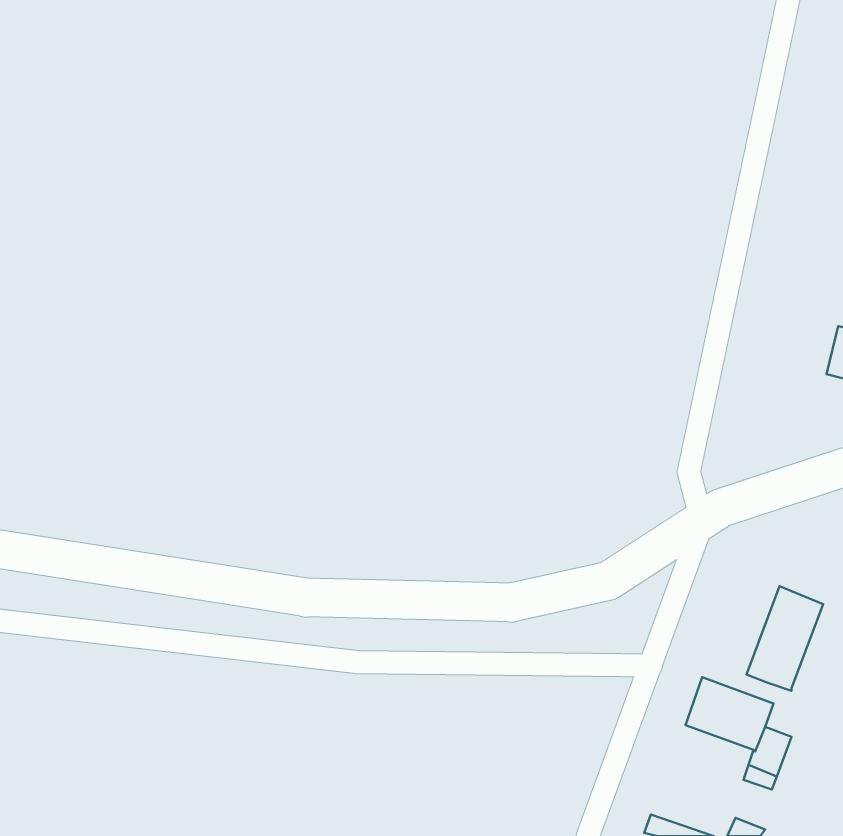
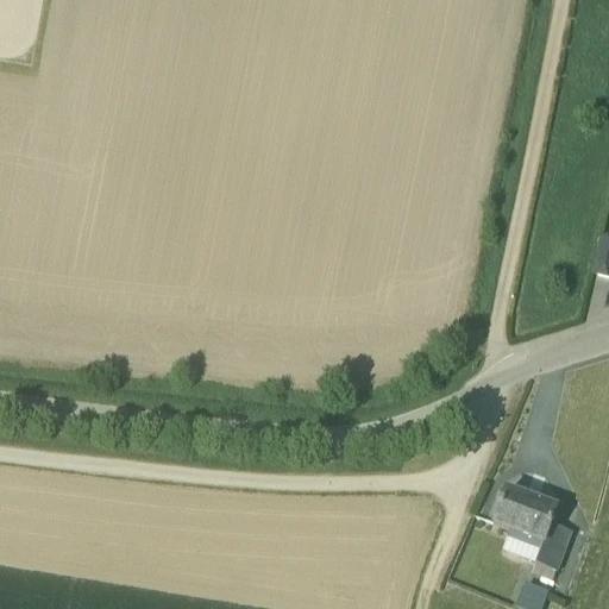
building: [747,586,823,691] -> none

